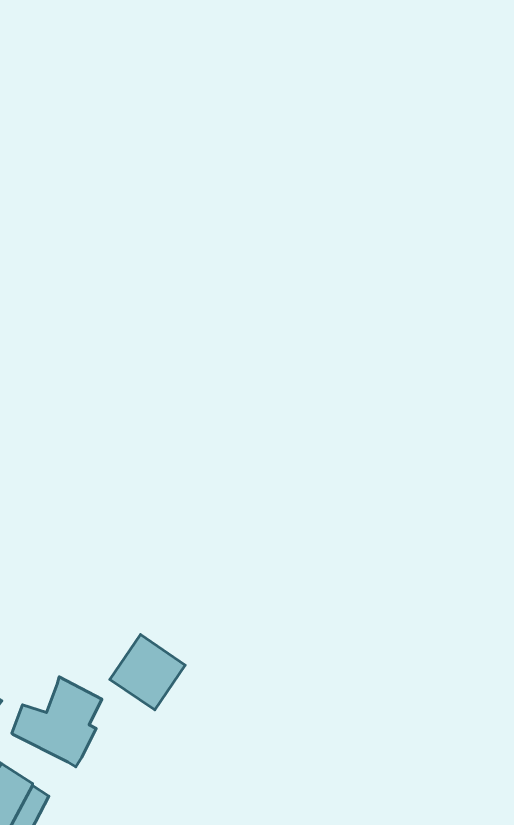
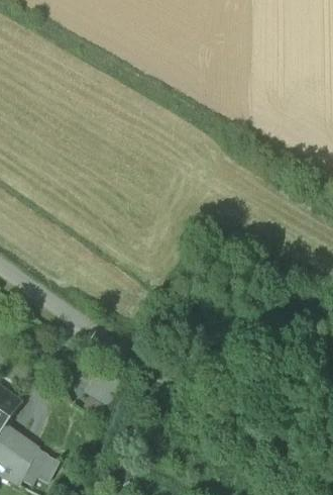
building: [12,677,102,767] -> none

